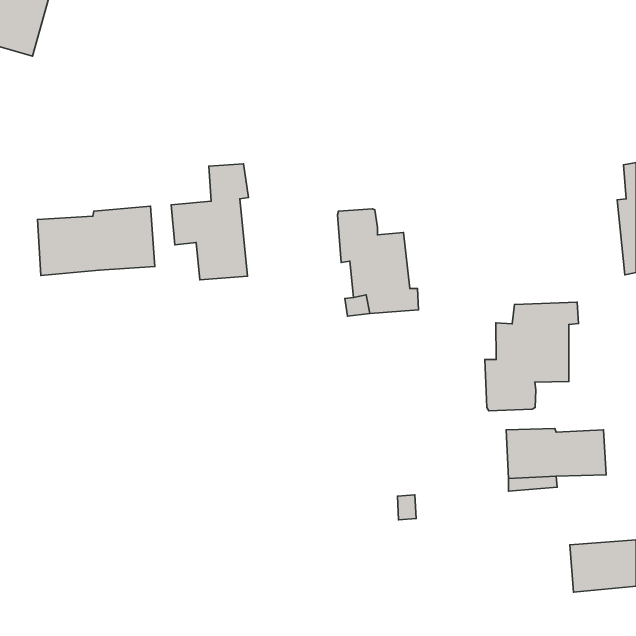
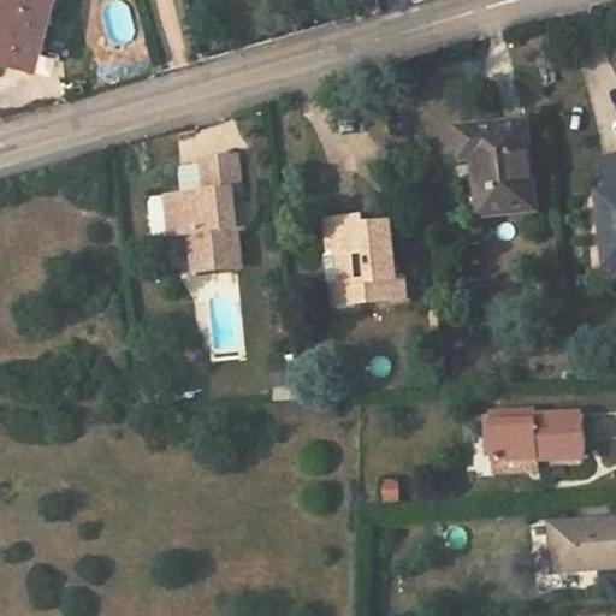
building: none -> [456,124,532,214]
building: [37,206,155,276] -> none
building: [485,302,578,411] -> none

